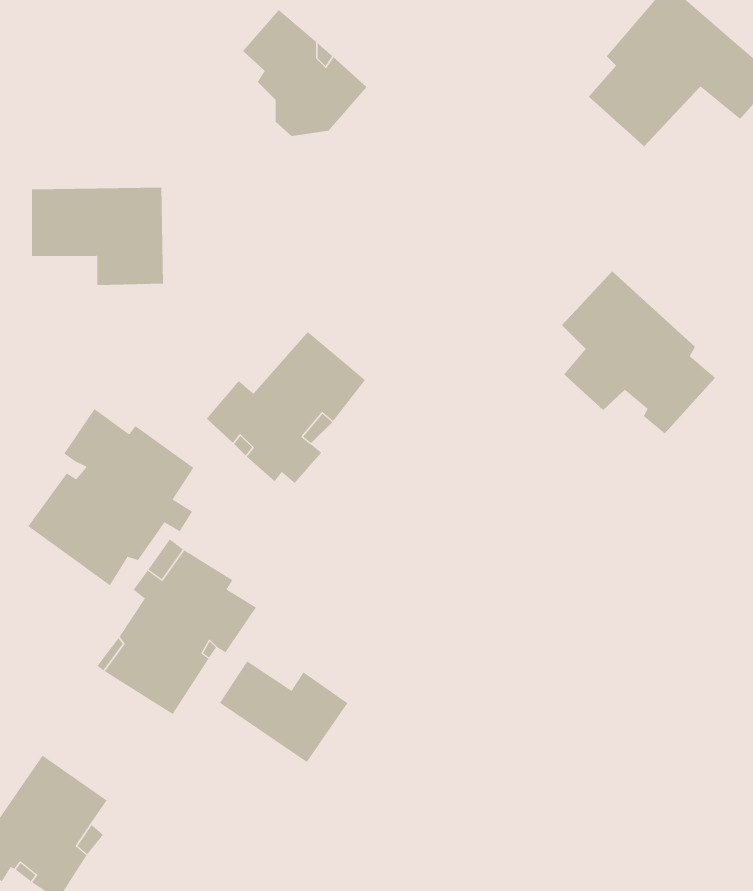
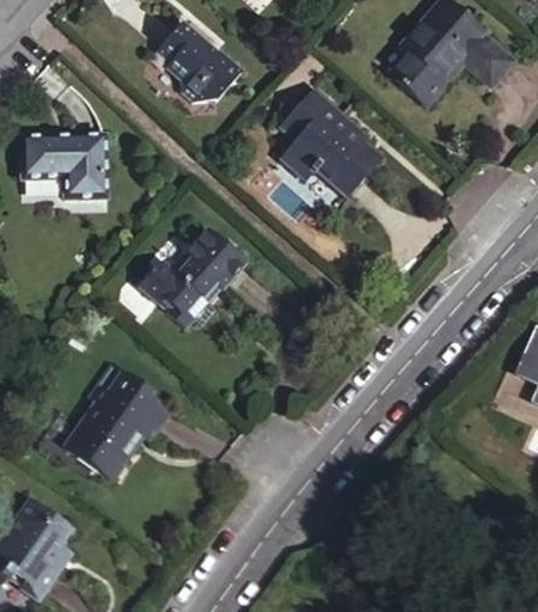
building: [561,271,716,434] -> [277,86,379,194]
building: [27,408,194,586] -> none
building: [219,661,348,763] -> none

